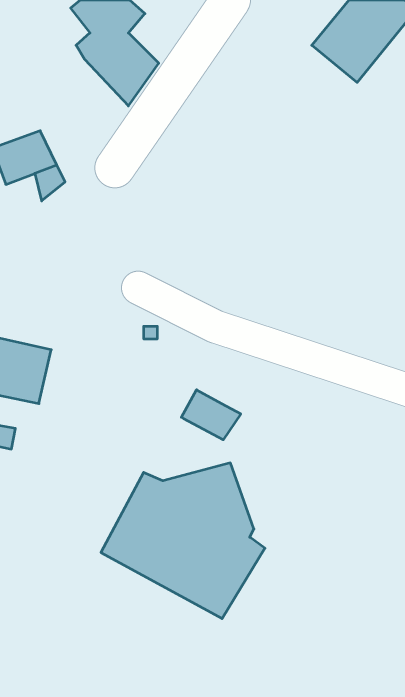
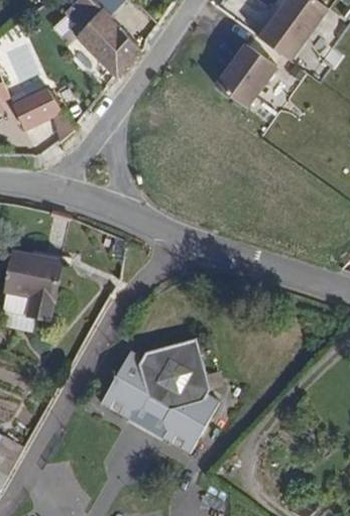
building: none -> [214,43,276,108]
building: [181,390,241,440] -> none

